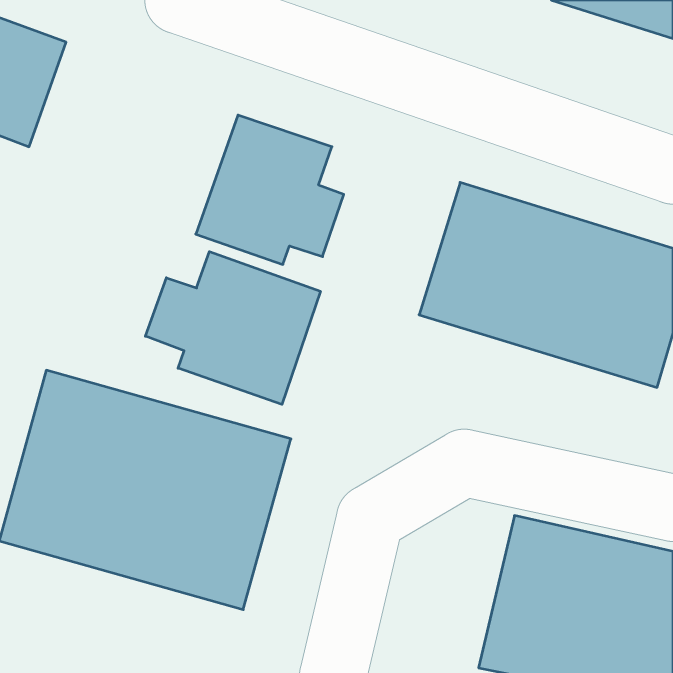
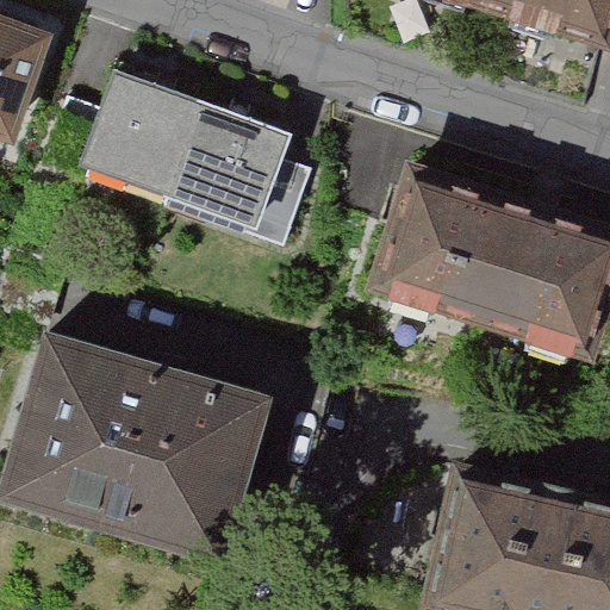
building: none -> [46,74,214,213]
building: [145,252,320,404] -> none

